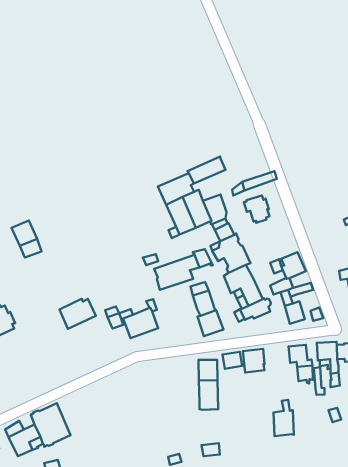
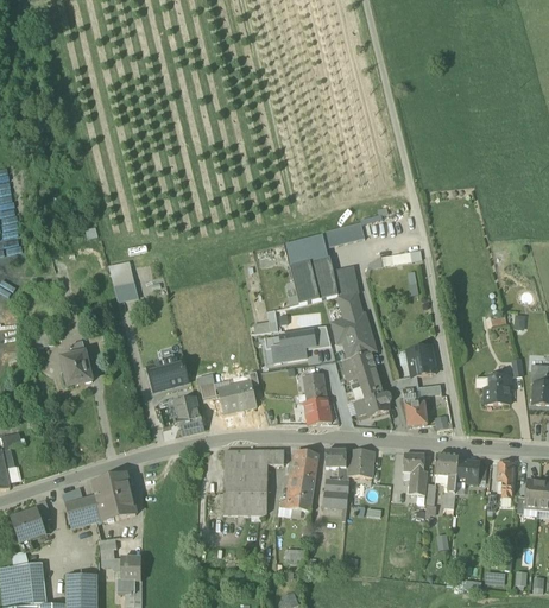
building: [244,195,269,223] -> none
building: none -> [176,398,203,433]
building: none -> [223,450,285,517]
building: [274,400,294,436] -> [323,467,349,508]

